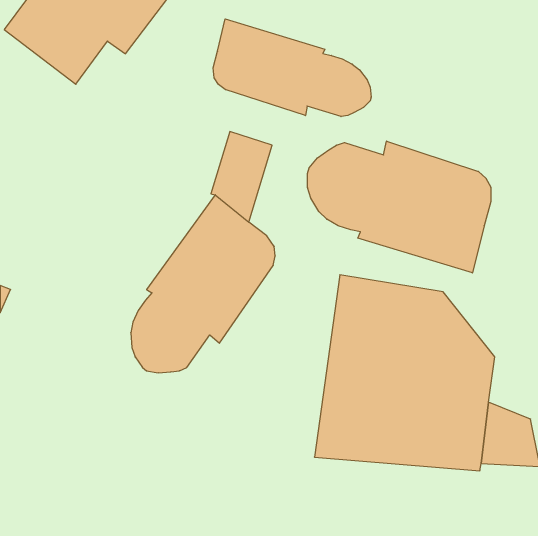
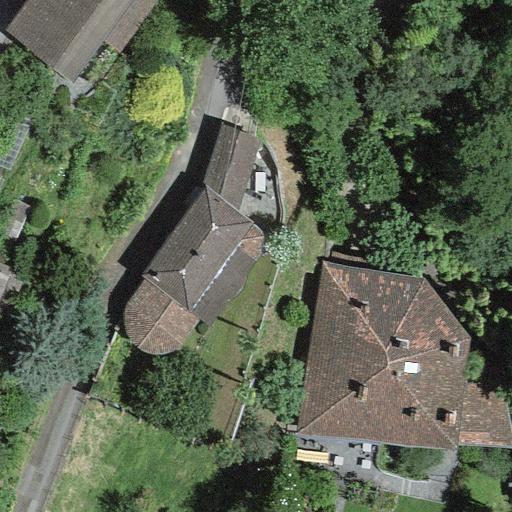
building: [213,19,371,117] -> none
building: [307,141,491,273] -> none

